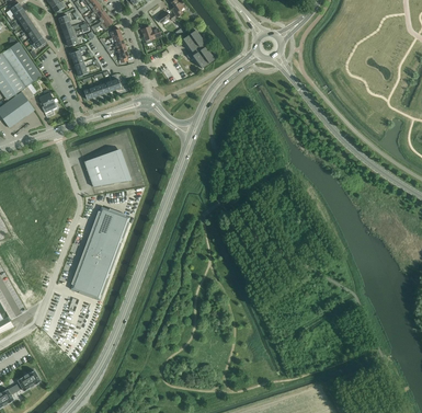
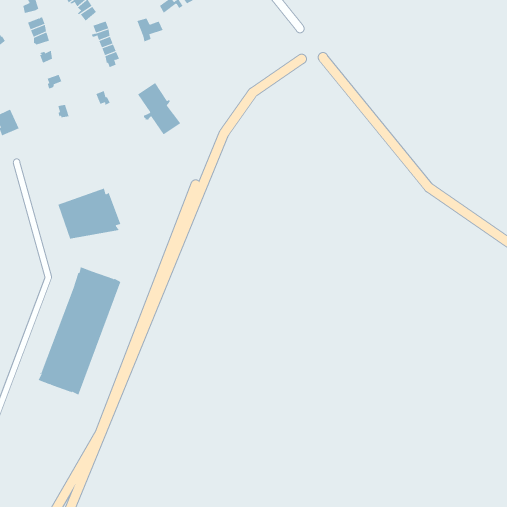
building: [182,30,214,68] -> [137,82,181,135]

